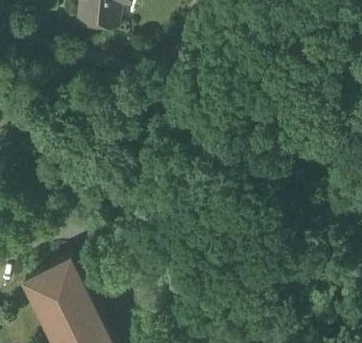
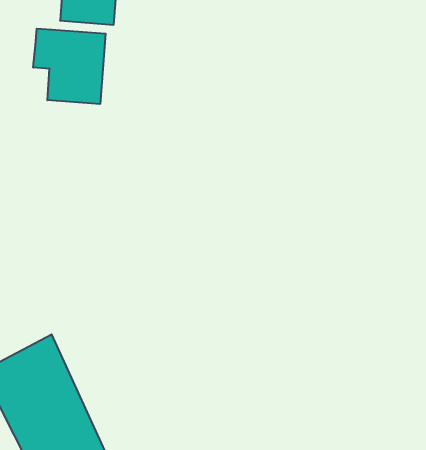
building: none -> [33,29,106,104]

